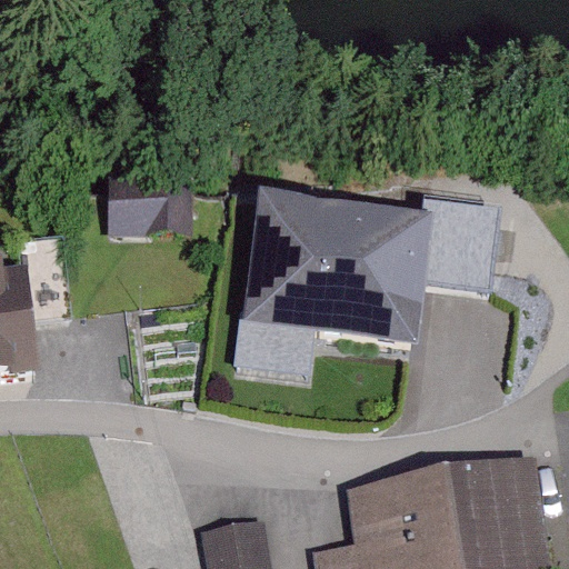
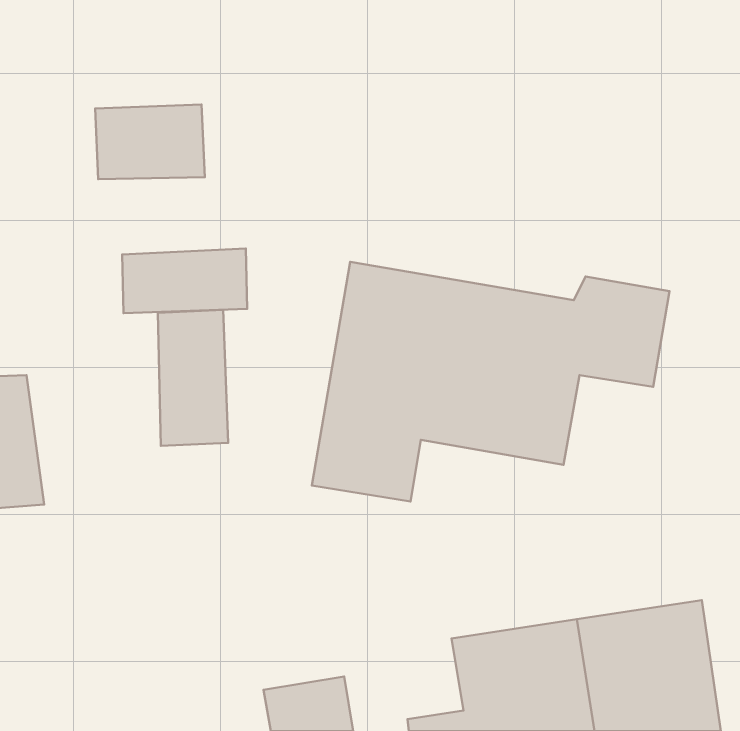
building: none -> [95,105,205,179]
building: none -> [158,310,228,446]

